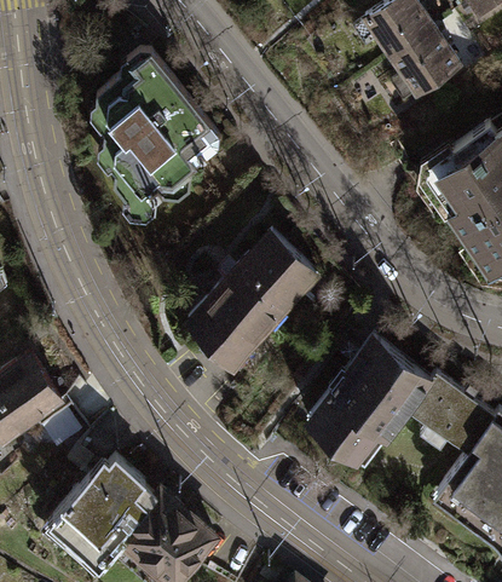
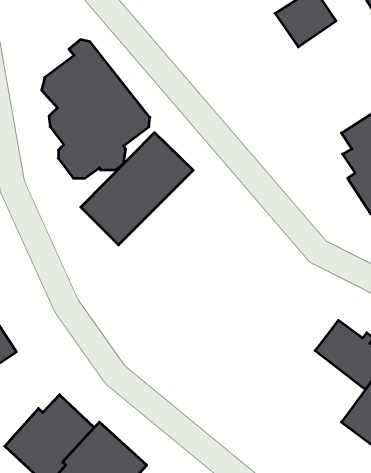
building: [390,28,460,98] -> none
building: [187,234,317,363] -> [81,133,193,245]
building: [308,338,429,466] -> none

